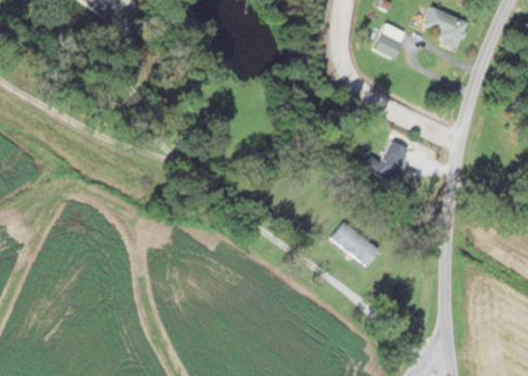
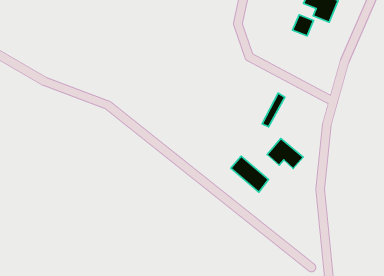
building: [374,31,401,58] -> [293,15,314,36]
building: none -> [267,139,303,169]

